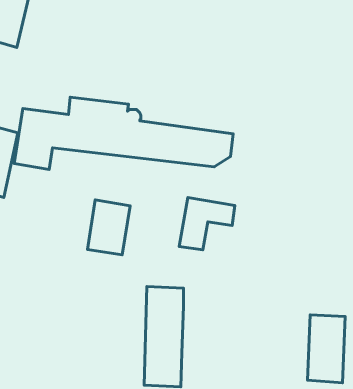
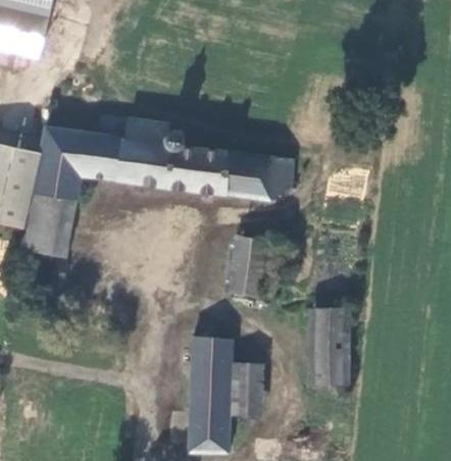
building: [87,200,130,255] -> [26,194,76,258]
building: none -> [231,361,261,415]
building: [308,315,345,383] -> [307,308,351,388]

